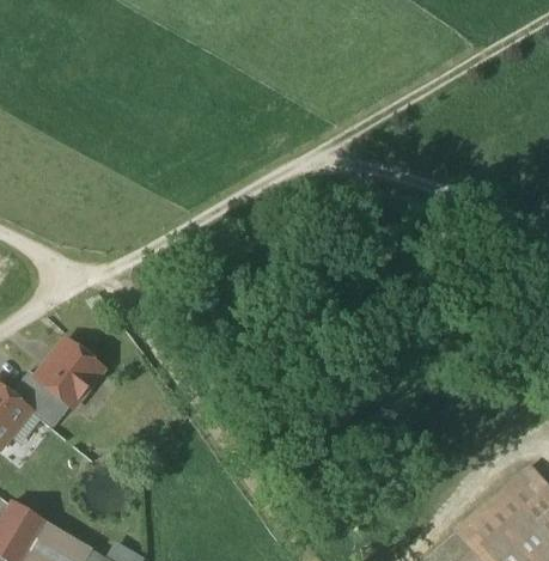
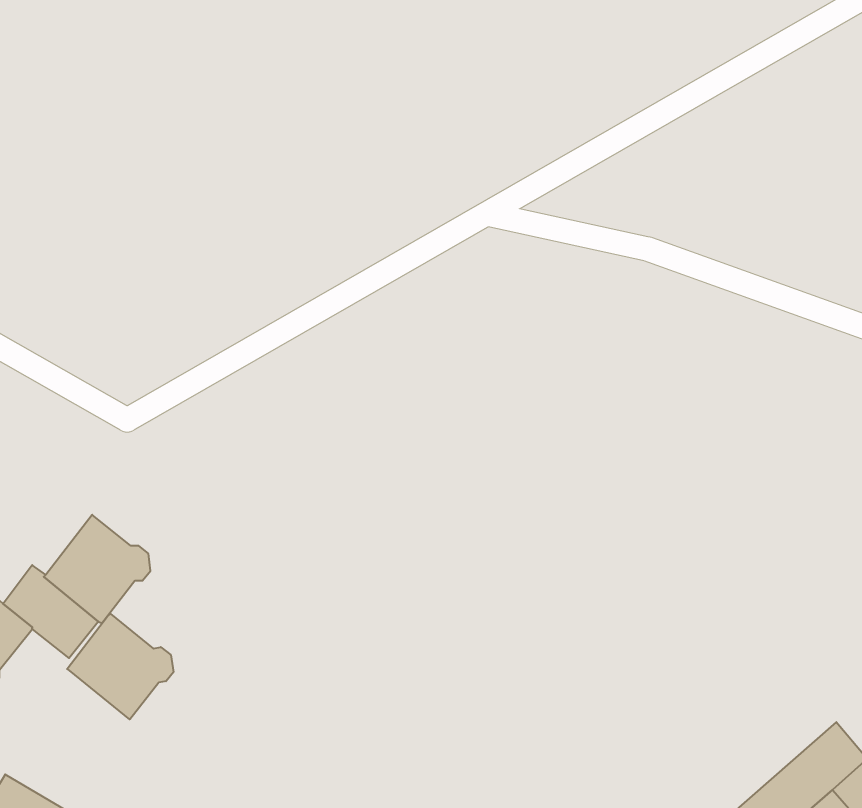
building: none -> [67,614,173,719]

